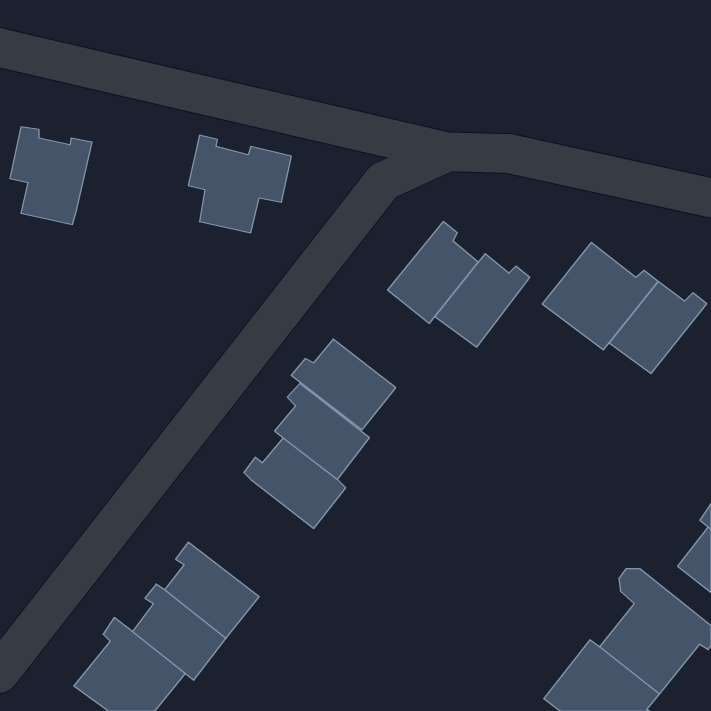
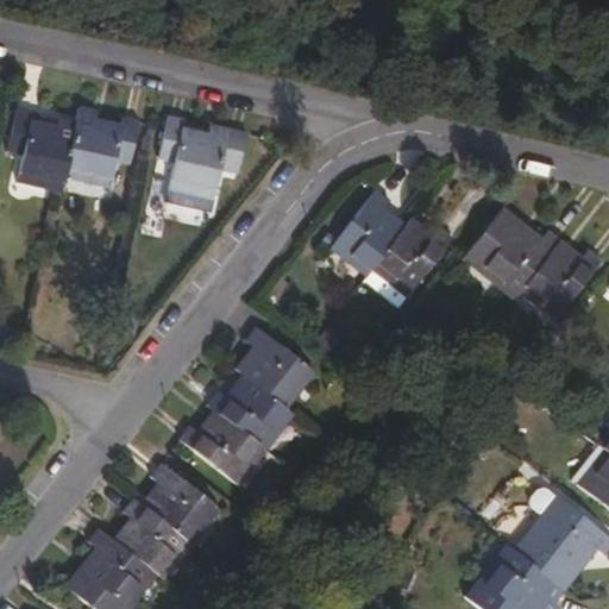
building: none -> [65,107,140,188]
building: [291,339,396,430] -> [178,409,268,486]

